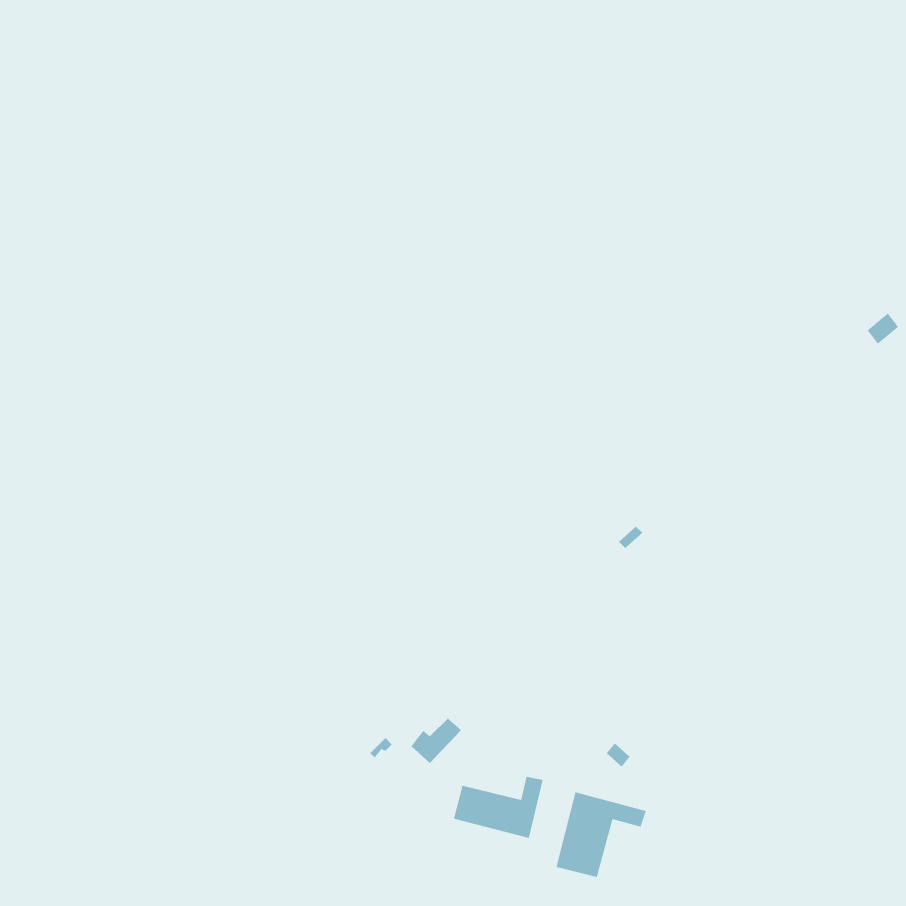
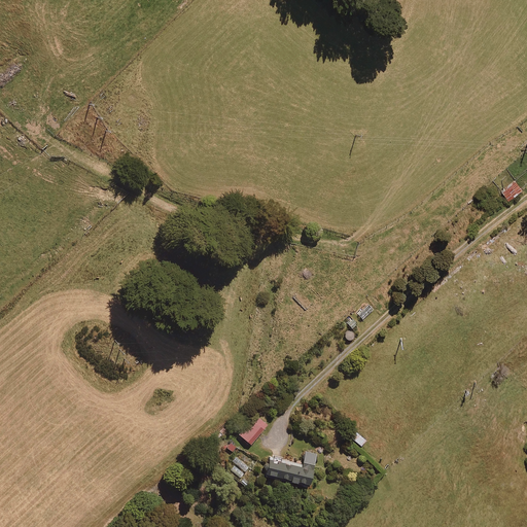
building: [556,791,646,878] -> none

